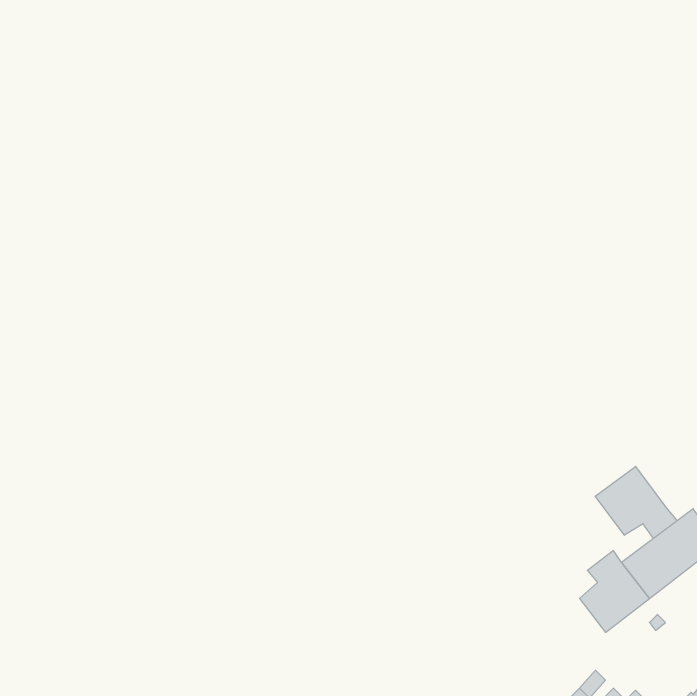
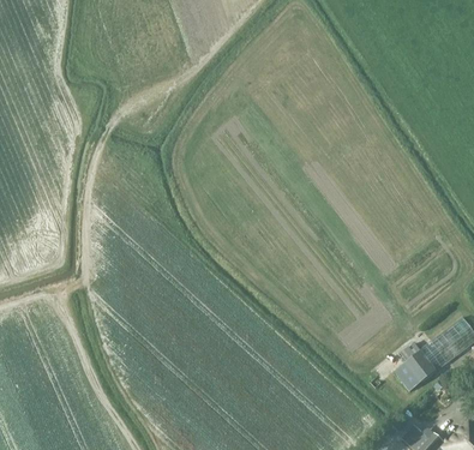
building: [595,466,677,538] -> none

